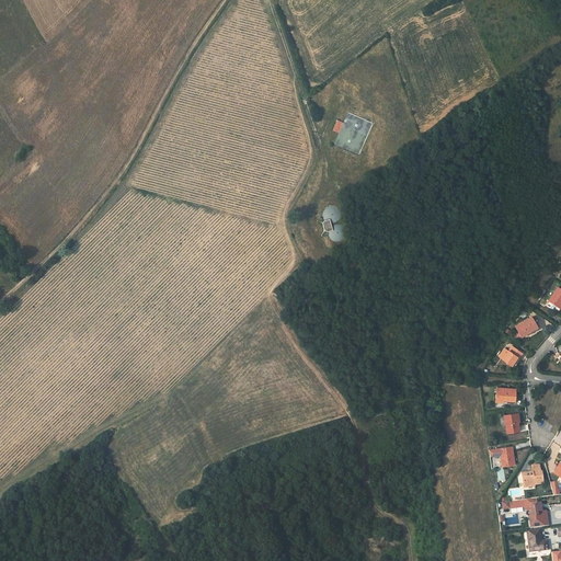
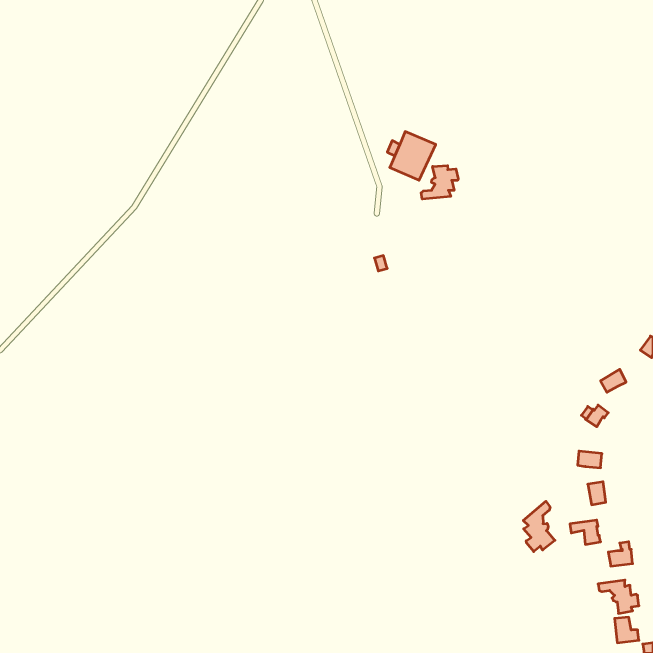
building: none -> [421,166,458,199]
building: none -> [523,501,555,552]

